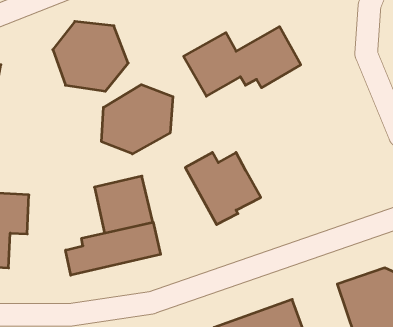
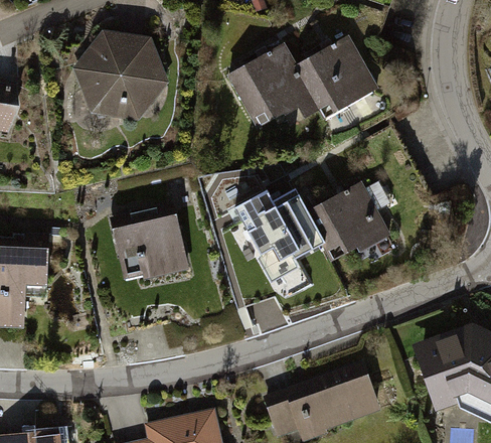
building: [102,85,173,154] -> none
building: none -> [305,182,389,255]
building: [66,222,161,275] -> none

